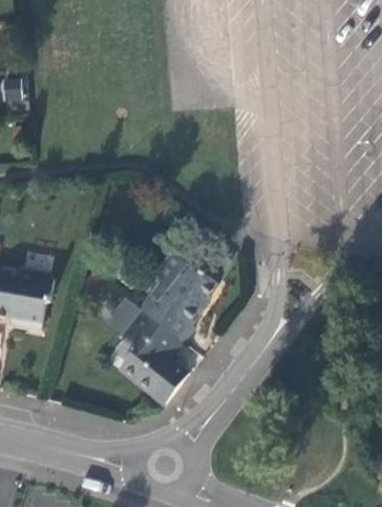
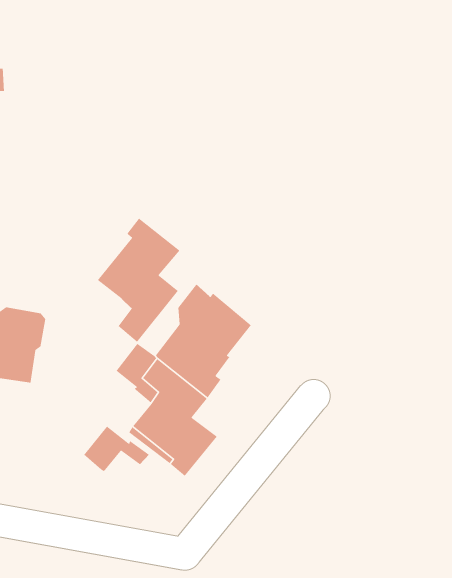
building: none -> [97,217,181,343]
building: none -> [83,426,150,472]

